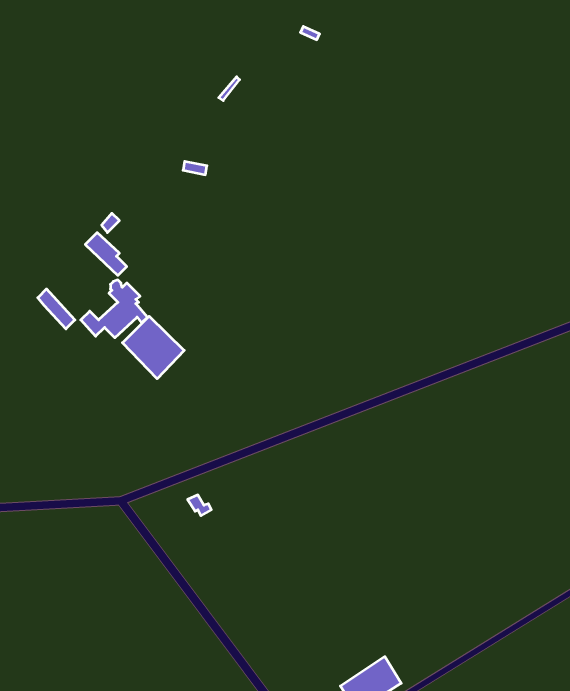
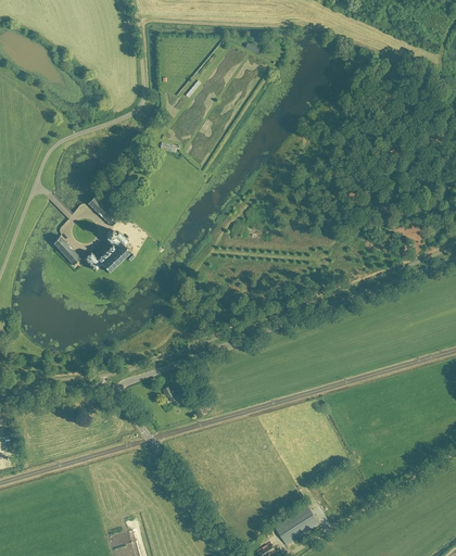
building: [122,316,184,379] -> none

